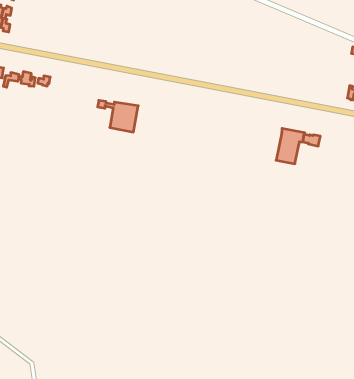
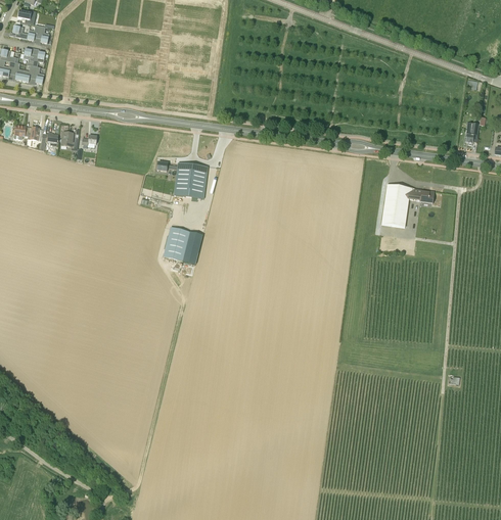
building: none -> [163,226,202,261]

